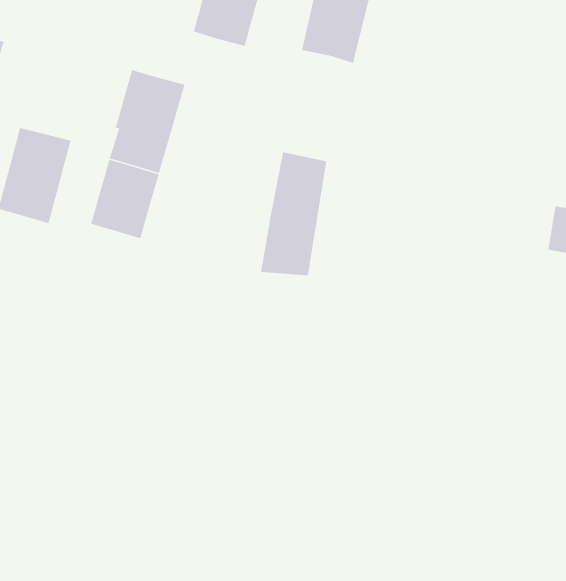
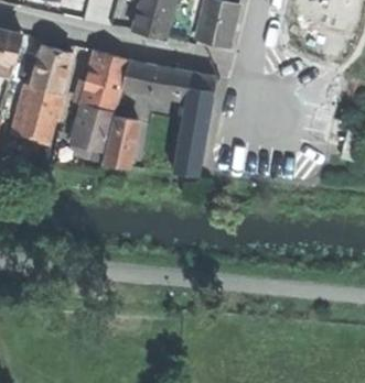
building: none -> [30,44,72,92]
building: none -> [125,61,215,105]
building: none -> [103,116,137,166]

